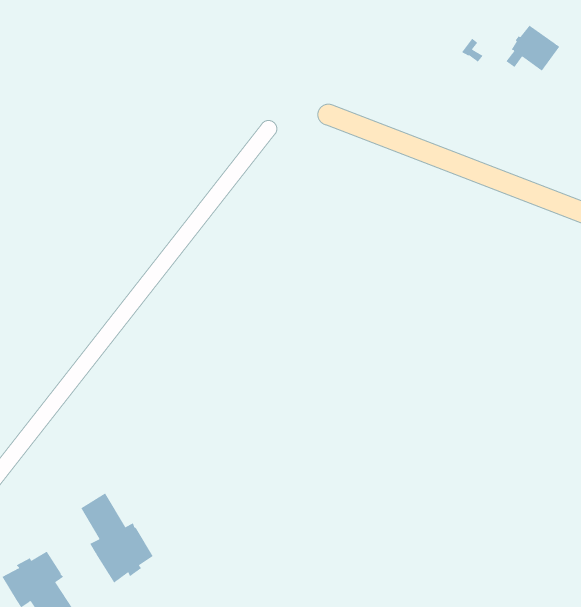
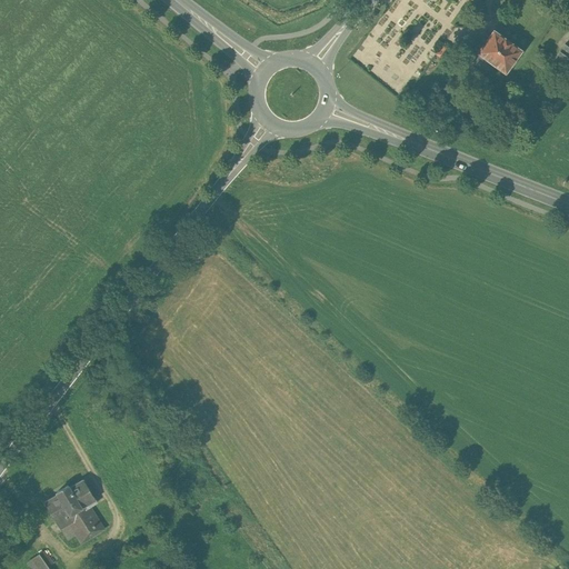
building: [81,493,153,583] -> none

